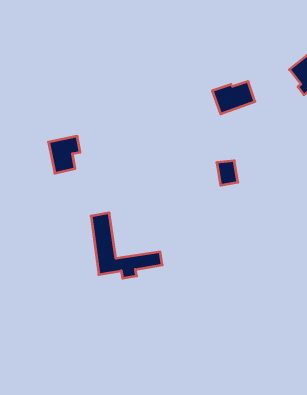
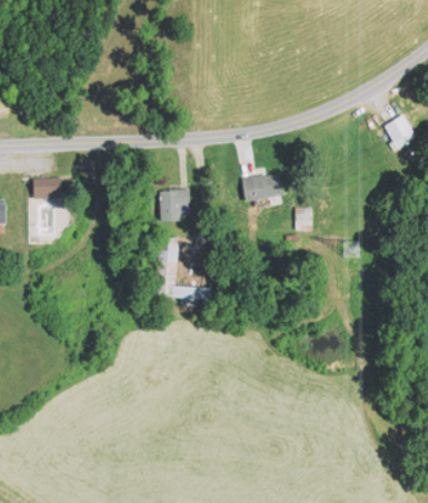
building: [212,82,255,114] -> [241,174,282,202]
building: [48,136,80,173] -> [158,189,188,222]

